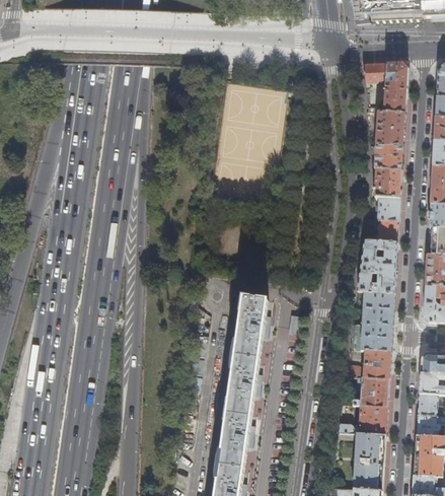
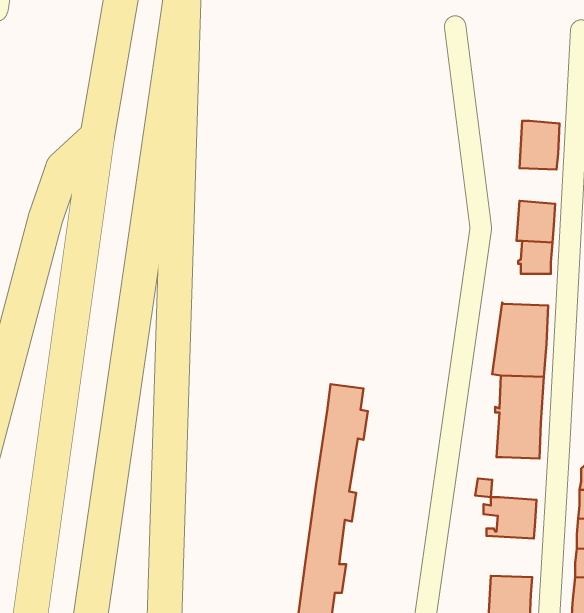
building: [363,58,409,109] -> none
building: [375,140,403,165] -> none
building: [366,214,399,237] -> none
building: [362,345,391,375] -> none
building: [338,401,387,430] -> none

